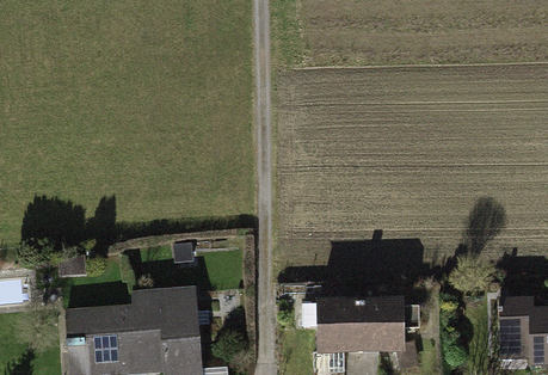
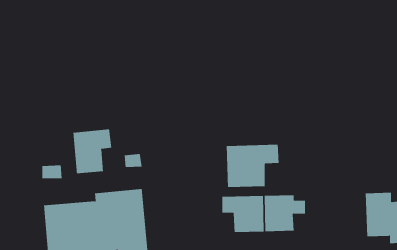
building: none -> [73,129,112,174]
building: none -> [226,144,279,188]

